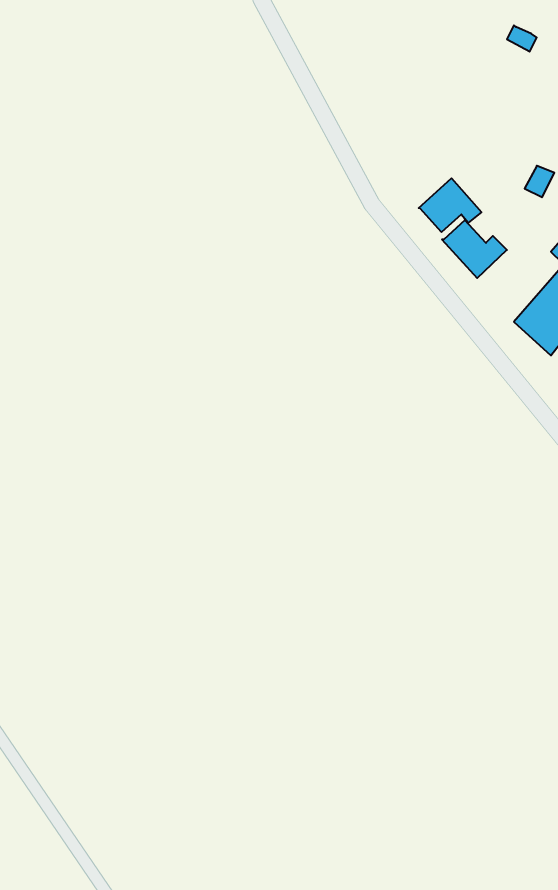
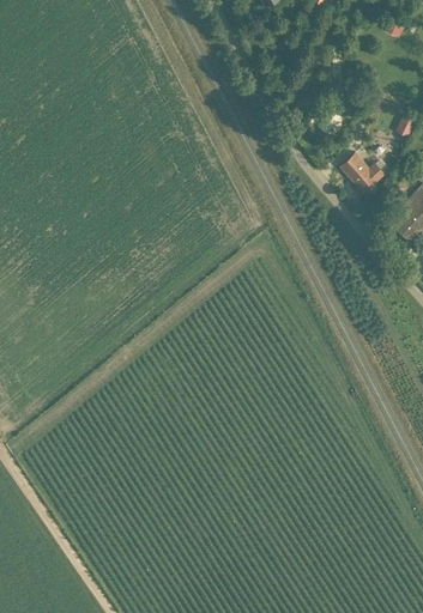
building: [419,178,481,232] -> none

